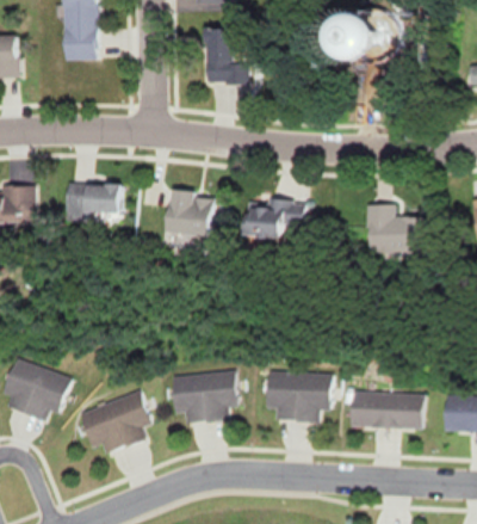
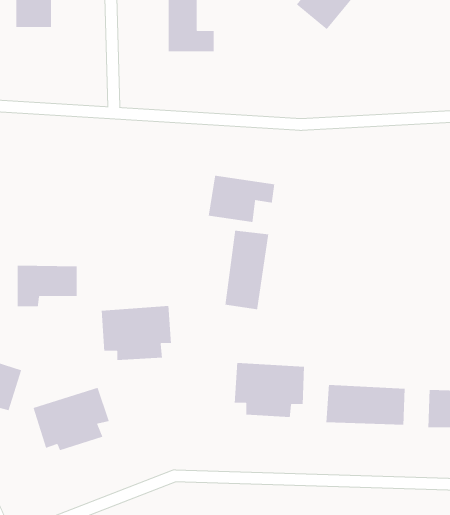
building: [66,183,122,222] -> [17,265,77,307]
building: [163,191,215,239] -> none
building: [366,204,429,252] -> none
building: none -> [224,230,269,310]
building: [171,371,236,423] -> [101,305,172,361]

